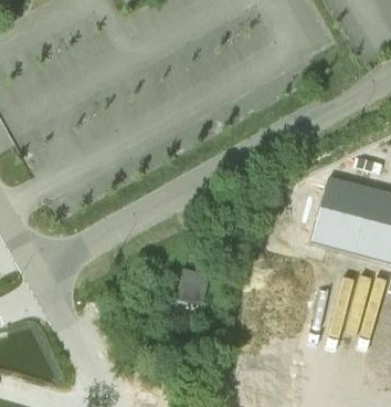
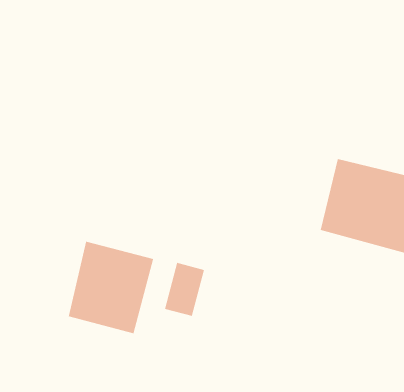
building: none -> [68,241,154,334]

